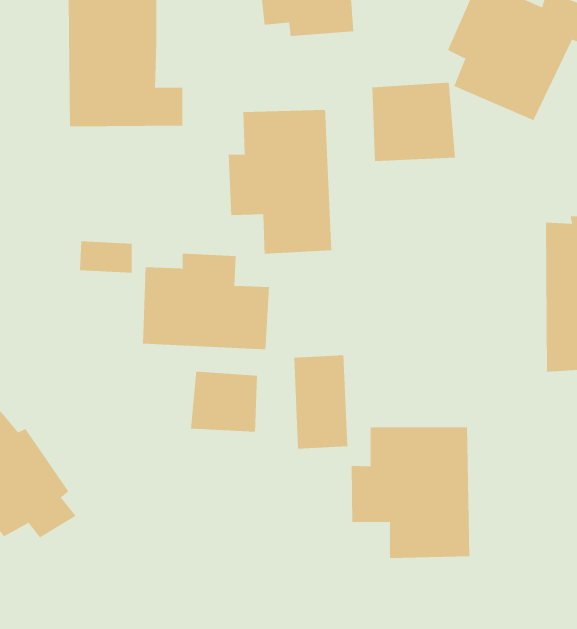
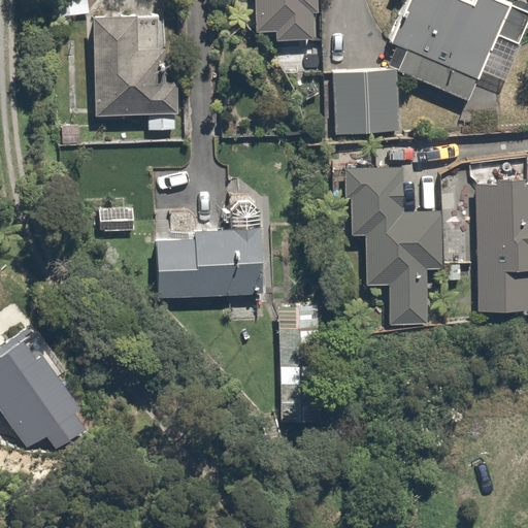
building: [228,109,332,254] -> none
building: none -> [346,169,443,326]
building: [191,371,258,432] -> none
building: [351,426,470,559] -> none

